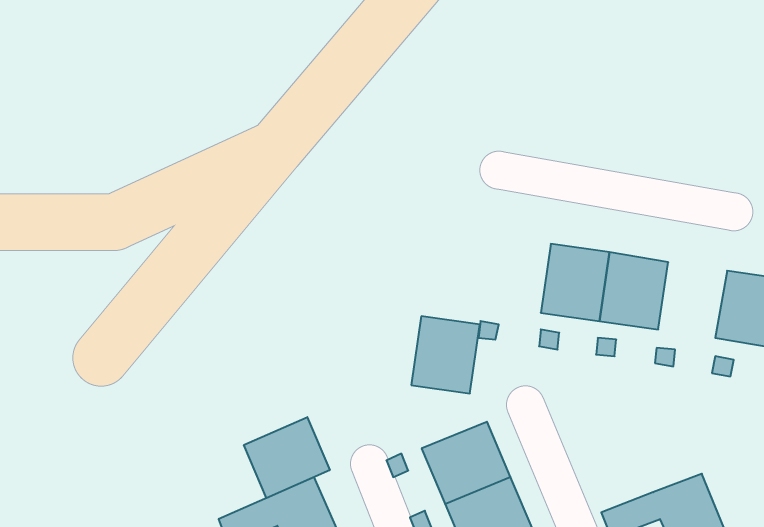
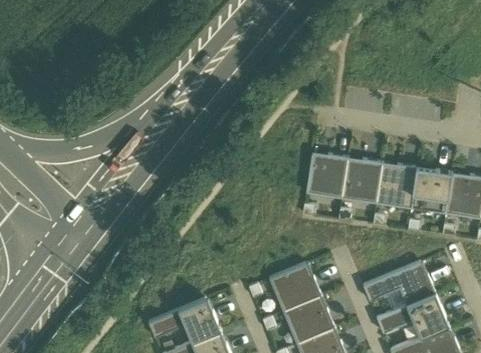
building: none -> [410,168,451,213]
building: [411,316,480,393] -> [305,152,346,198]
building: [244,417,330,498] -> none
building: none -> [363,261,436,305]

